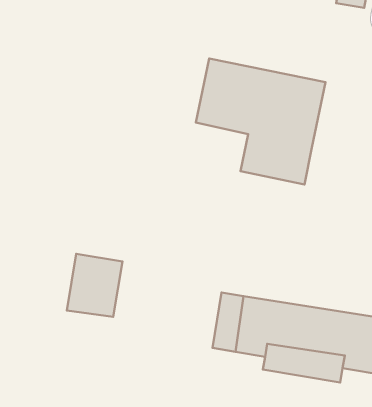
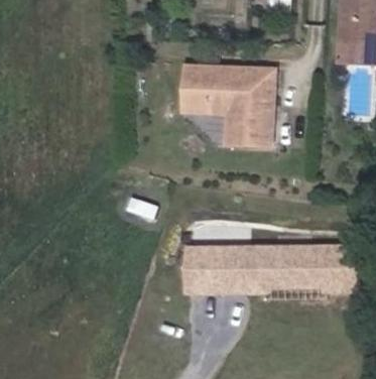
building: [67,254,122,317] -> [183,244,220,288]

